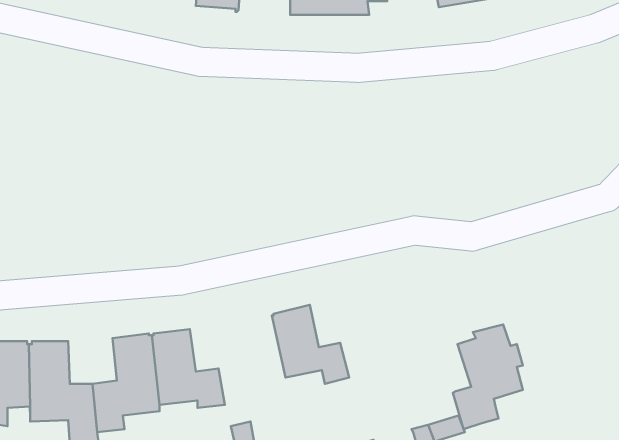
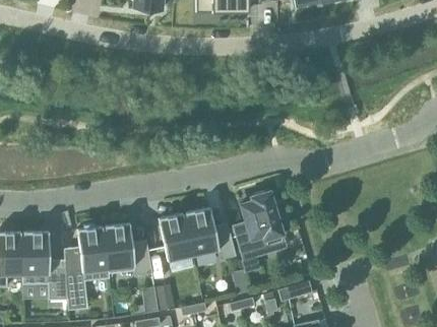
building: none -> [158,212,193,260]
building: [453,324,523,429] -> [236,190,283,260]

